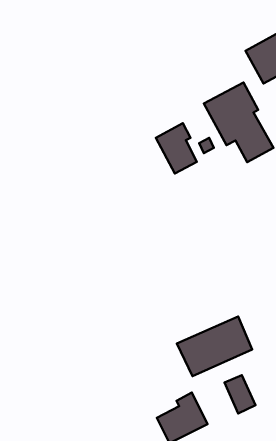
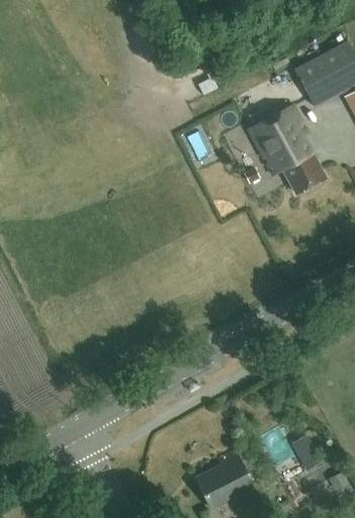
building: [156,123,197,174] -> none
building: [177,316,252,376] -> none

